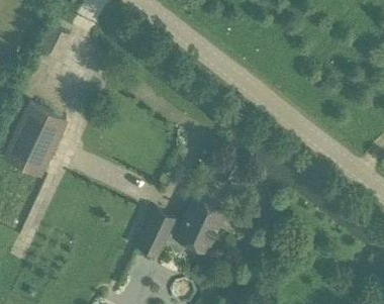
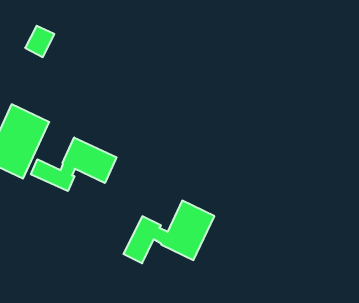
building: none -> [31,137,117,191]

